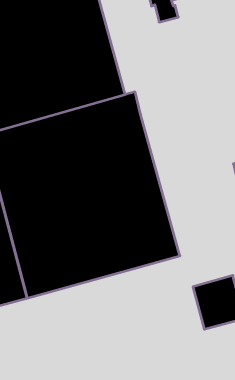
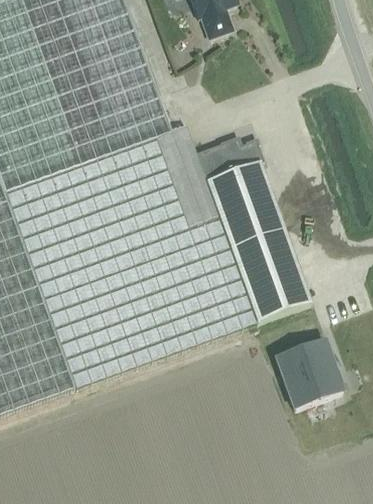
building: none -> [193,139,308,322]

